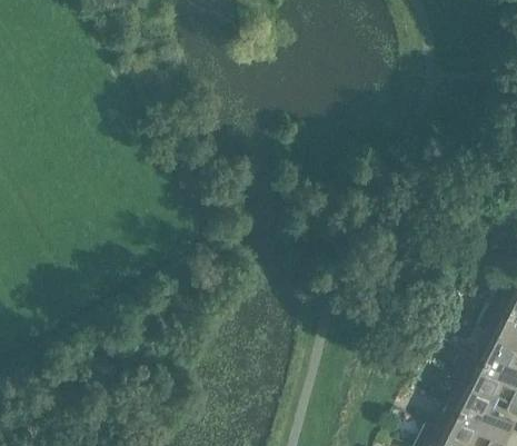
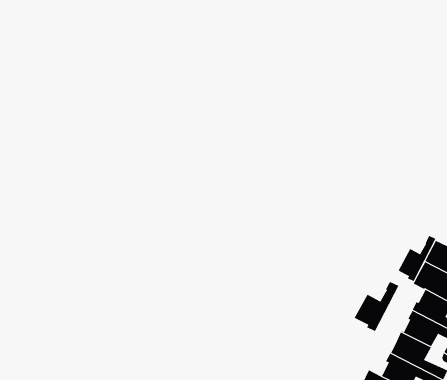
building: none -> [398,235,436,282]
building: none -> [354,281,399,332]

